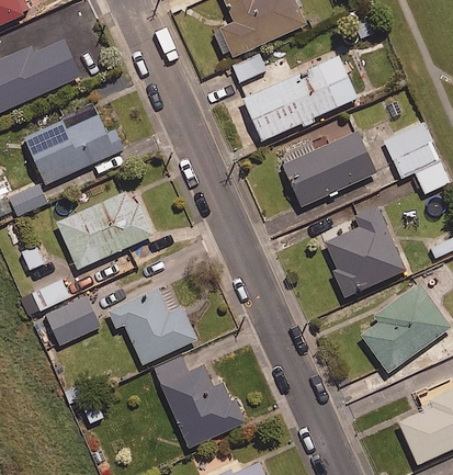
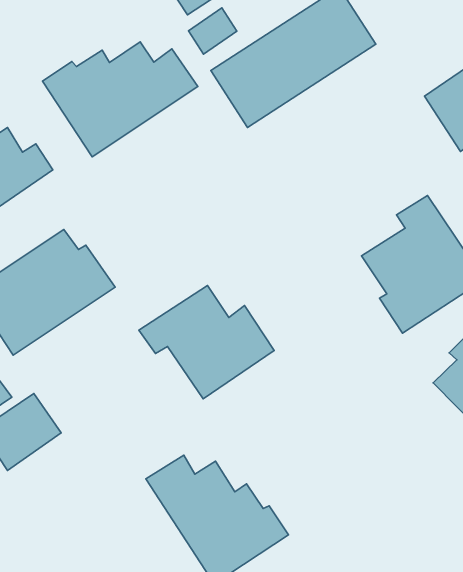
building: none -> [42,42,198,157]
building: [281,131,376,207] -> none
building: [106,287,196,364] -> [139,285,274,399]

